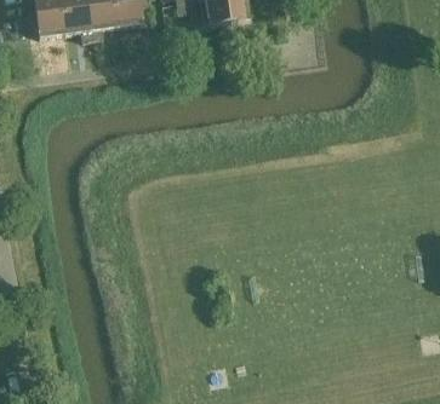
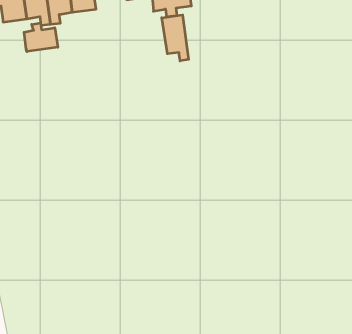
building: none -> [162,15,189,61]
building: none -> [24,23,58,52]

